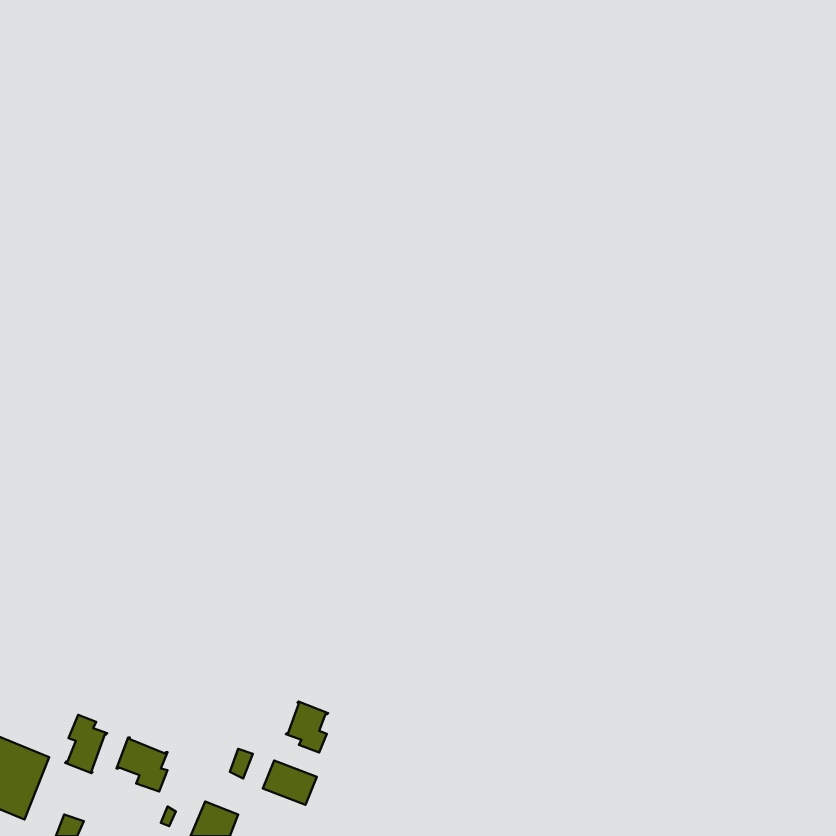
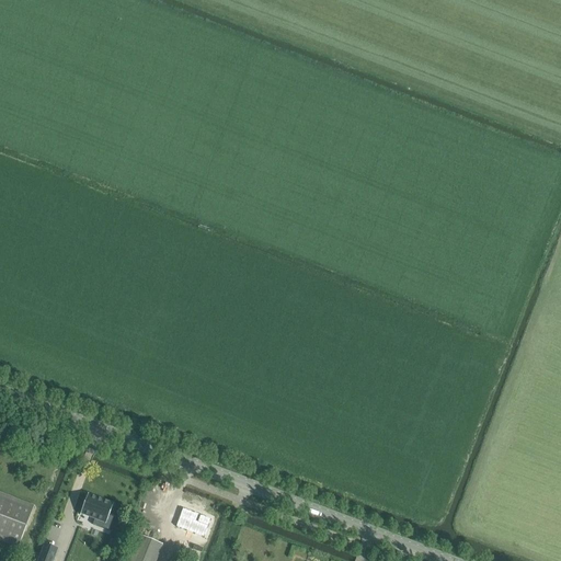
building: [286,701,328,753] -> none
building: [65,715,107,773] -> none

